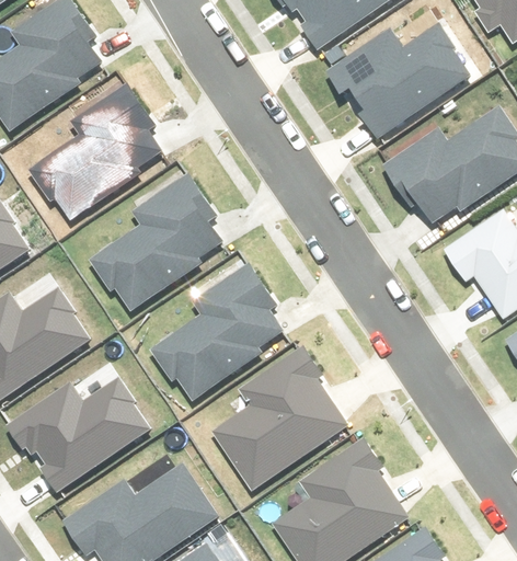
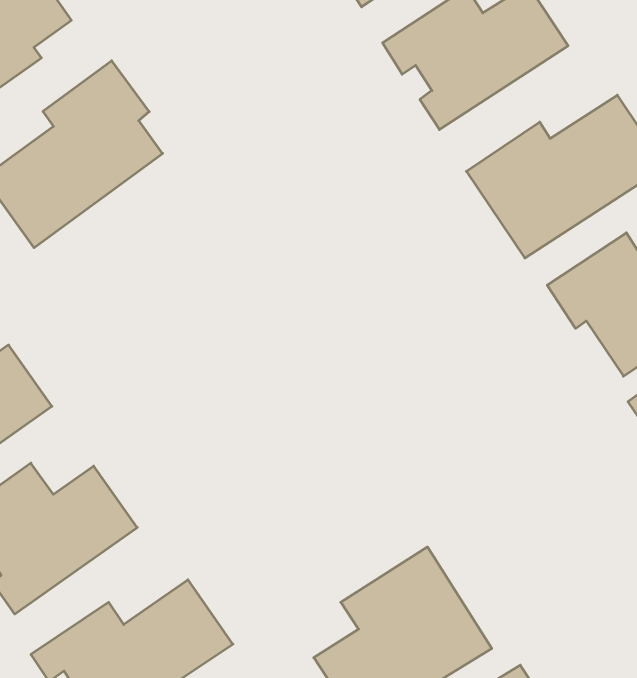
building: [89,178,221,312] -> none
building: [153,267,292,402] -> none
building: [215,350,349,490] -> none

